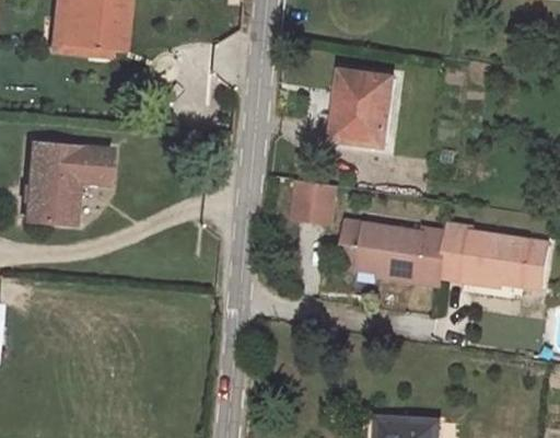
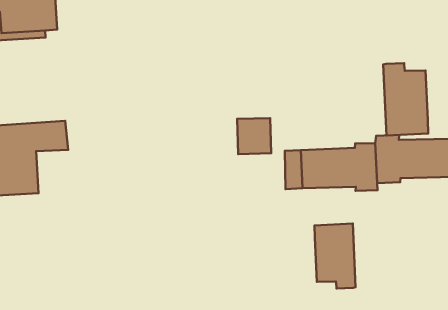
building: [336,71,396,147] -> none
building: none -> [383,63,428,135]
building: none -> [315,224,356,288]

